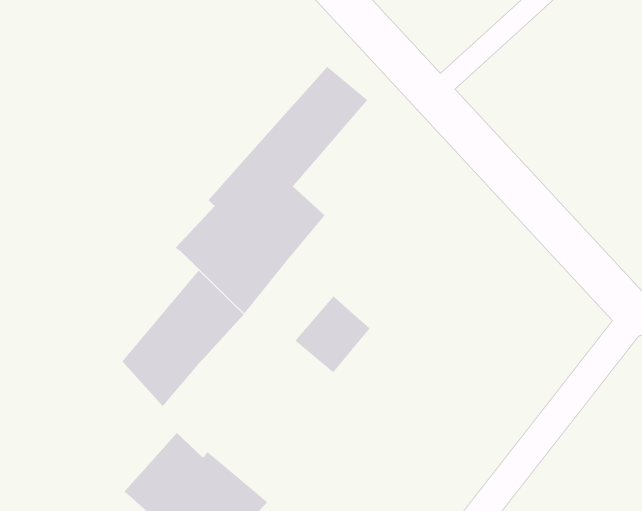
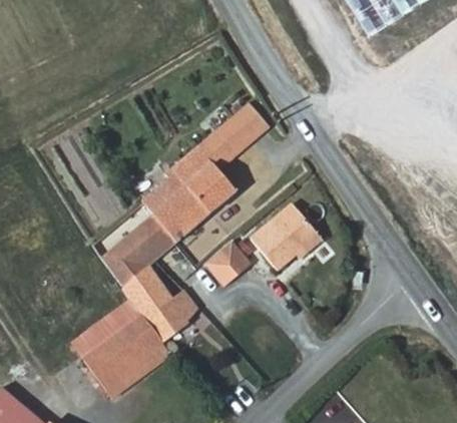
building: none -> [246,204,317,274]
building: none -> [121,266,208,343]

